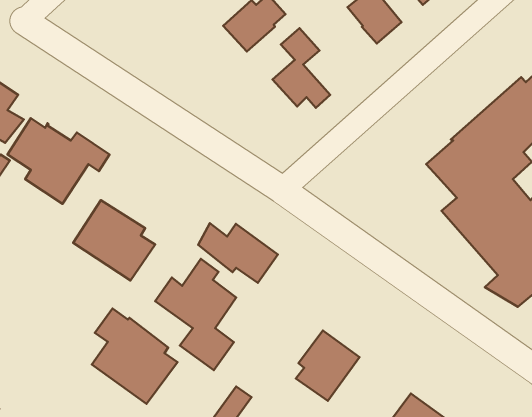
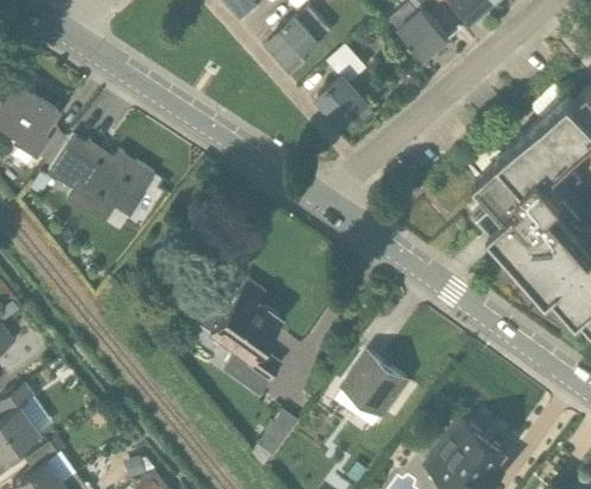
building: [73,200,155,280] -> none
building: [198,223,278,283] -> none
building: [92,308,177,404] -> none

